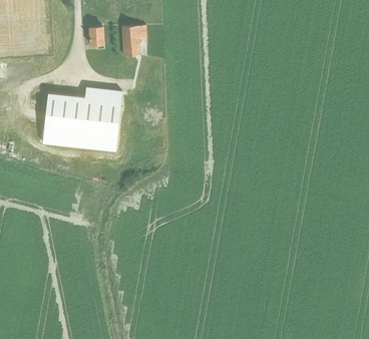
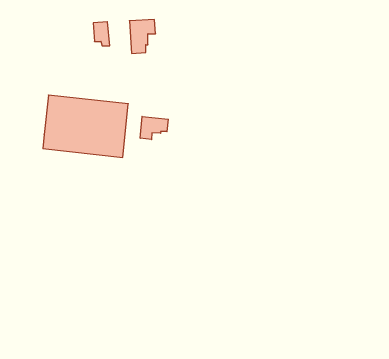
building: none -> [140,116,168,140]

